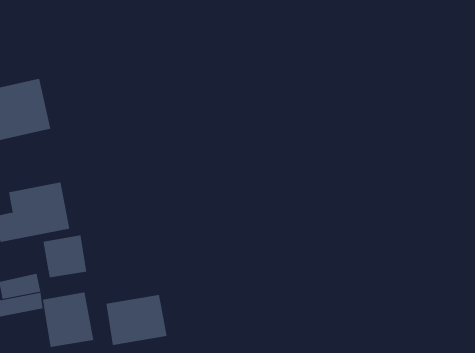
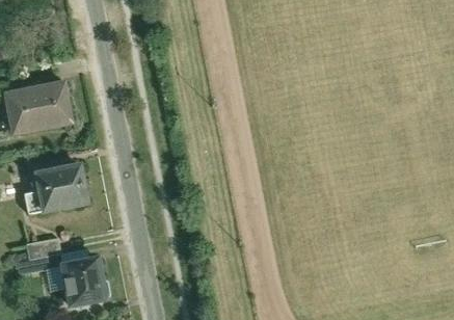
building: [43,235,87,278] -> none
building: [106,294,167,346] -> none

